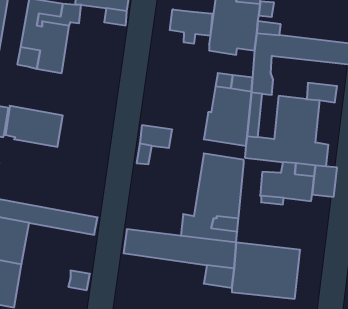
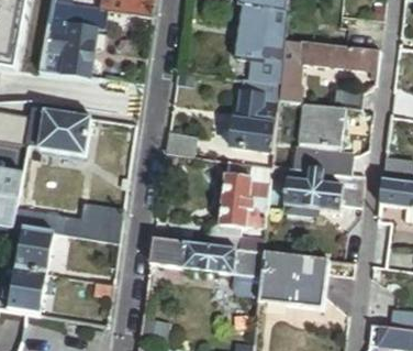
building: [170,9,212,44] -> none

